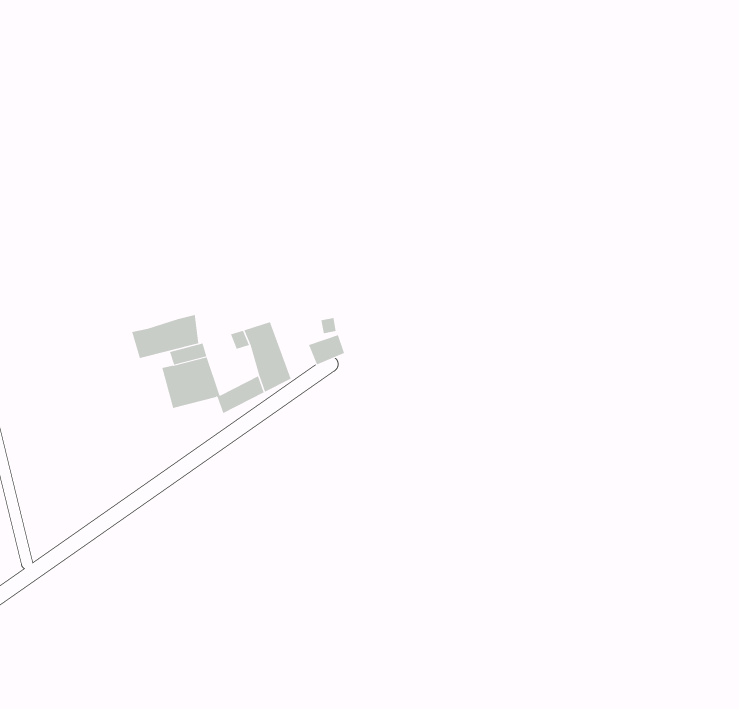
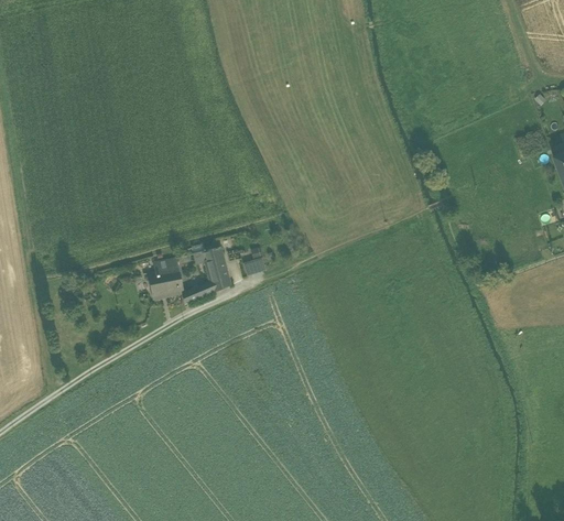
building: [132,314,199,359] -> none

